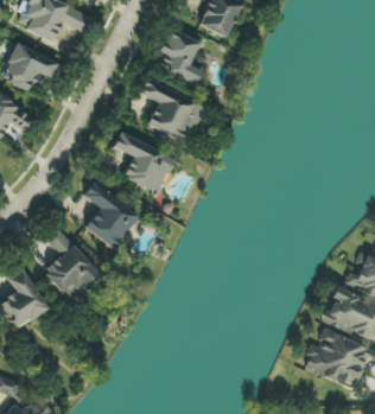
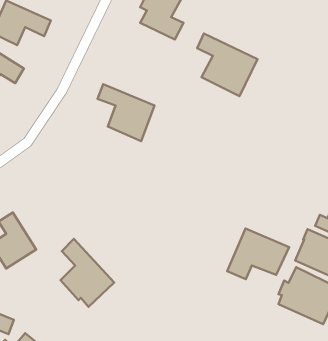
building: [139,78,203,145] -> [197,34,257,96]
building: [82,181,139,249] -> none
building: [43,227,100,299] -> [61,239,114,307]
building: none -> [227,228,289,279]

